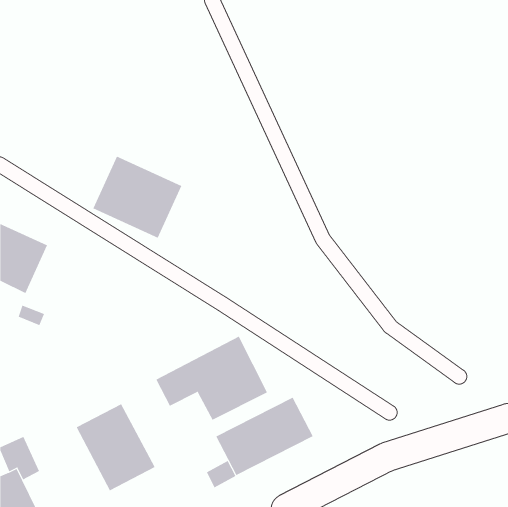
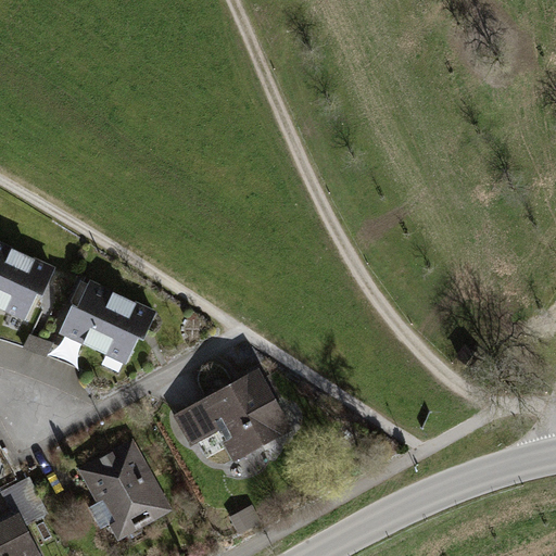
building: [93,156,182,238] -> [55,275,153,365]
building: [216,397,314,476] -> none

